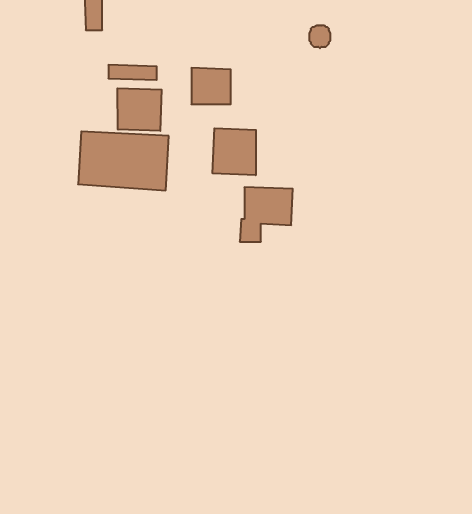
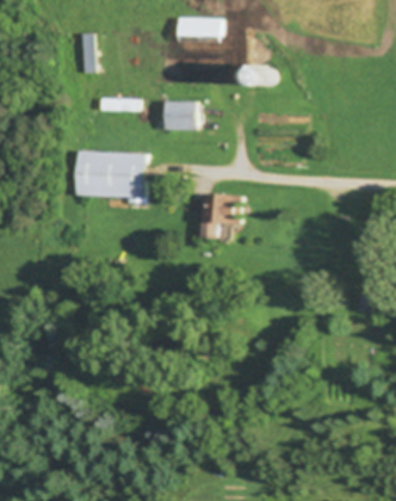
building: [117,88,162,131] -> none
building: [213,128,256,175] -> none

